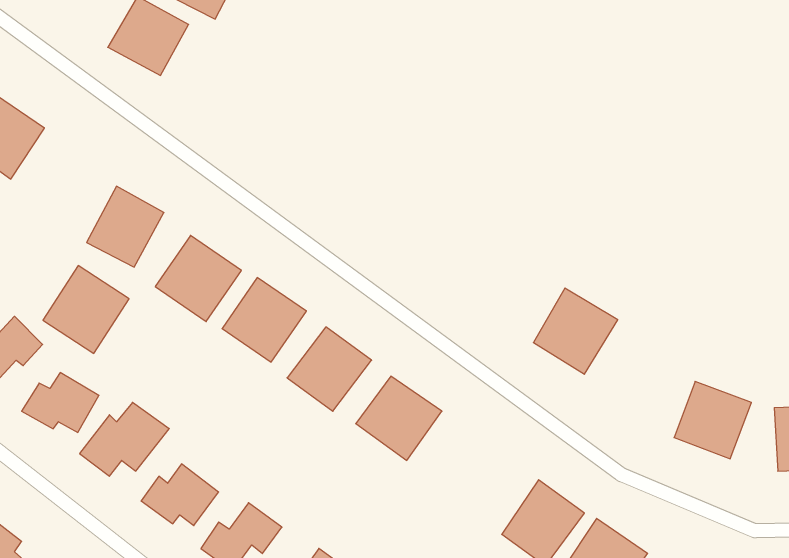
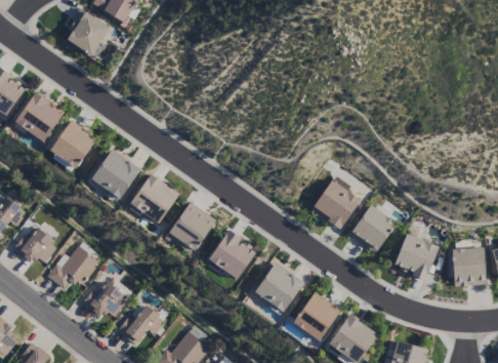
building: [43,266,129,353] -> [14,91,65,143]
building: none -> [349,205,396,253]
building: none -> [255,261,304,312]

